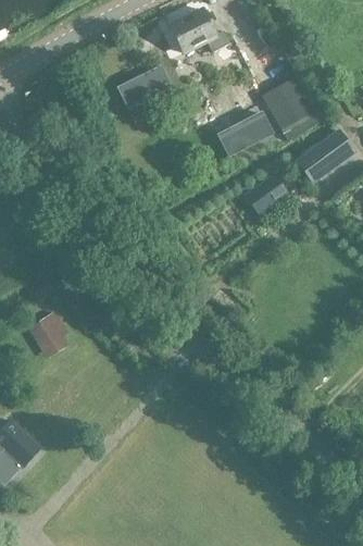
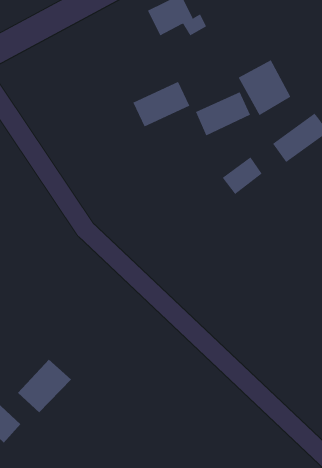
building: [116,64,175,111] -> [133,81,190,127]
building: [26,308,63,345] -> none
building: none -> [17,359,72,413]

